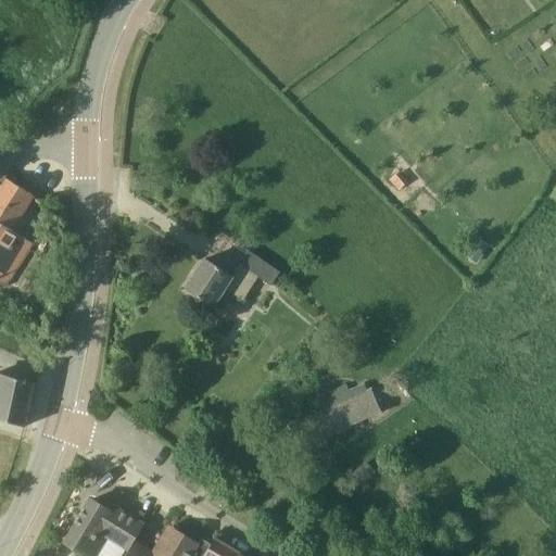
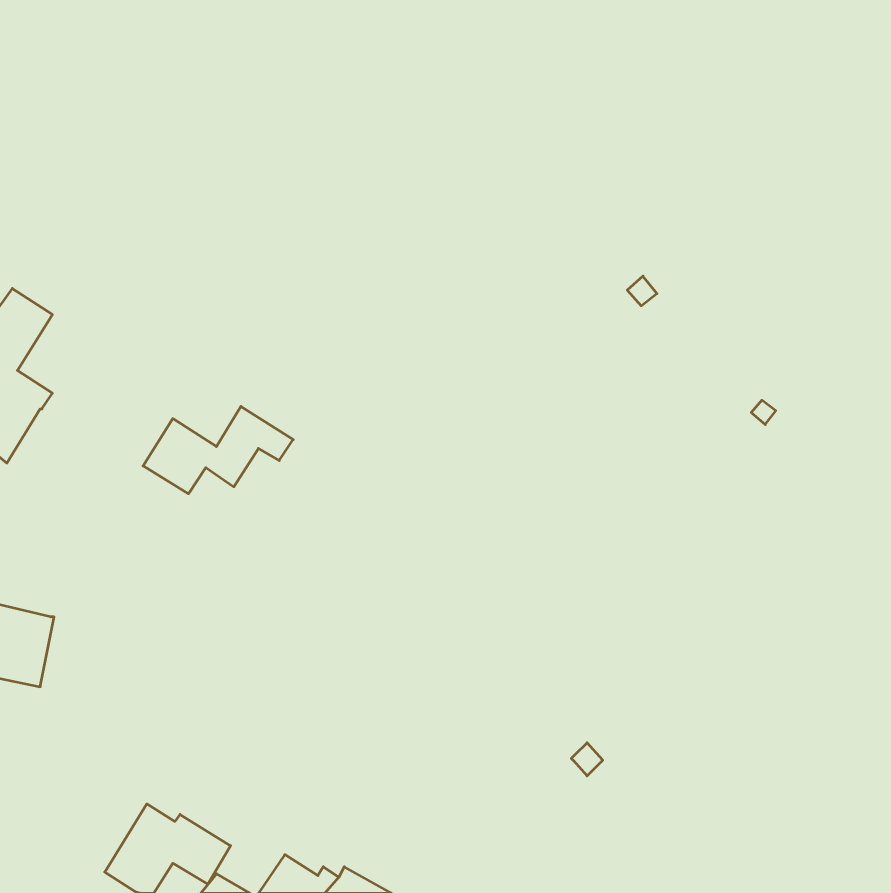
building: [186,252,279,306] -> [143,406,293,494]
building: [316,386,380,432] -> none

